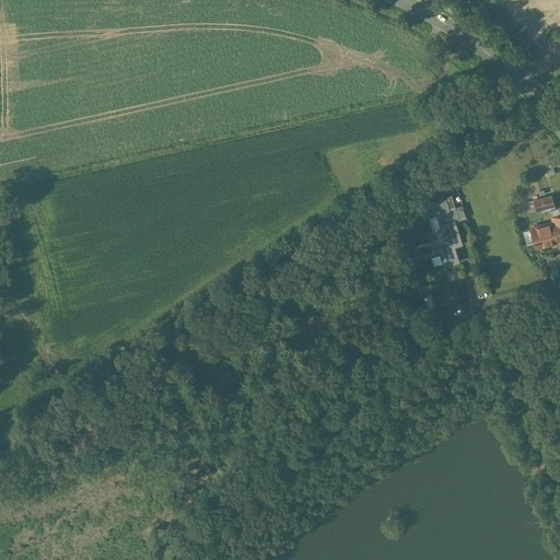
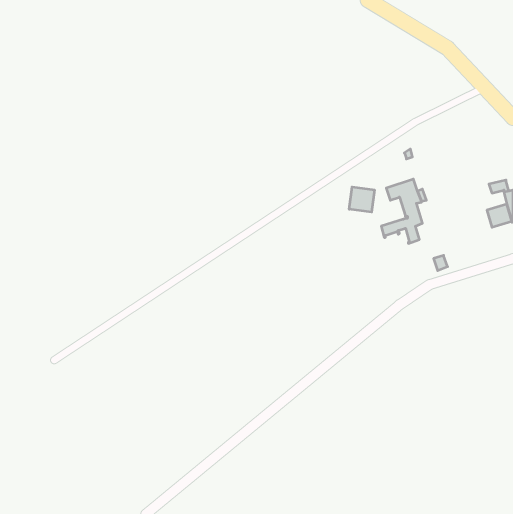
building: none -> [349,187,374,212]

